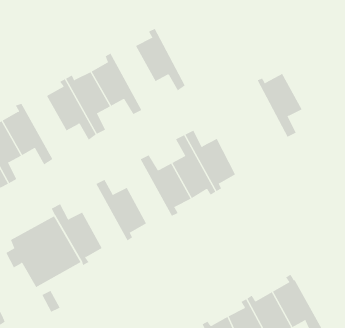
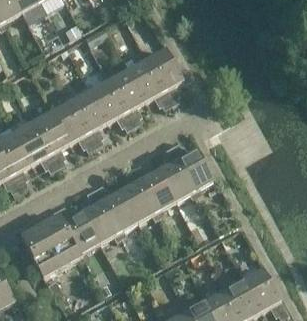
building: none -> [106,70,144,125]
building: [257,73,302,138] -> [144,49,183,104]
building: none -> [30,113,68,167]
building: none -> [120,167,158,222]
building: none -> [82,188,120,243]

